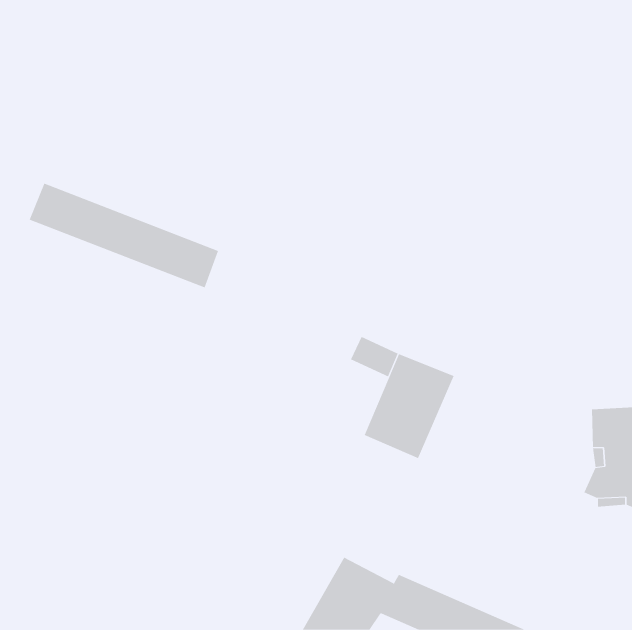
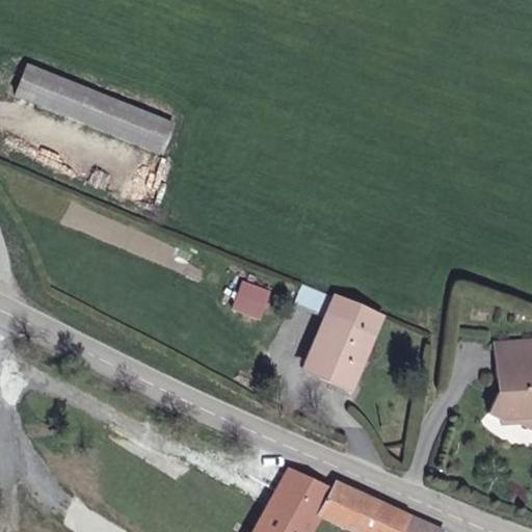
building: [29,183,219,288] -> [16,65,175,154]
building: none -> [234,275,273,316]

